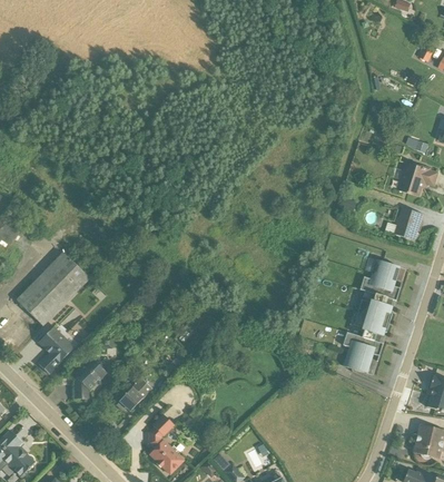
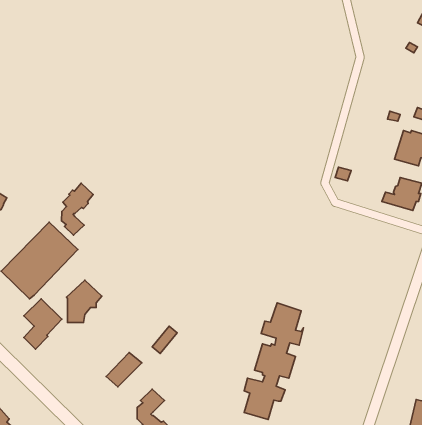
building: none -> [62,183,93,235]
building: [342,258,399,372] -> [244,303,304,419]
building: [71,356,106,397] -> [66,280,102,322]

